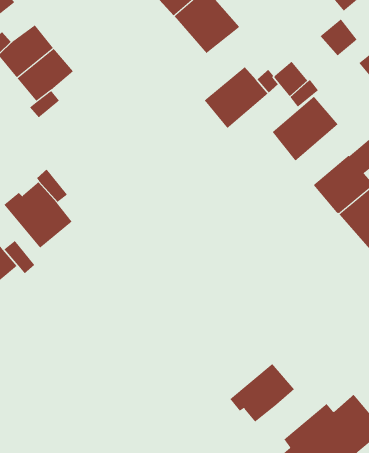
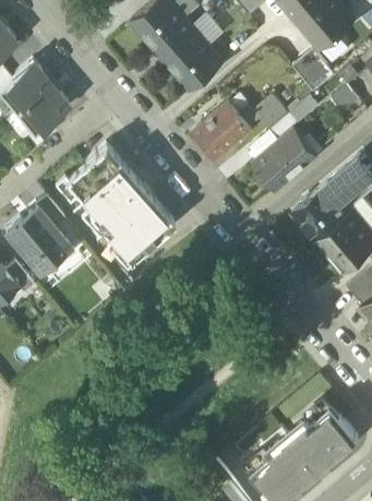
building: none -> [62,148,173,263]
building: [229,363,295,422] -> none

